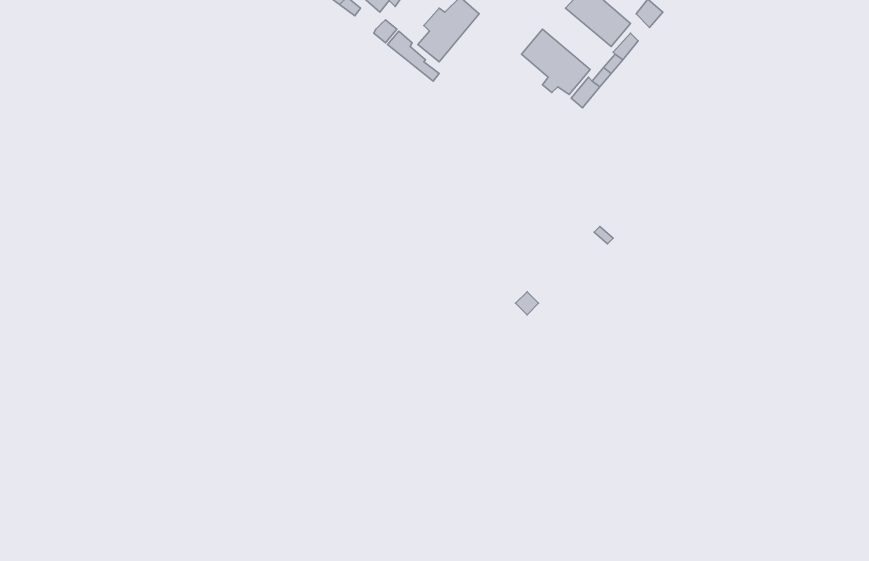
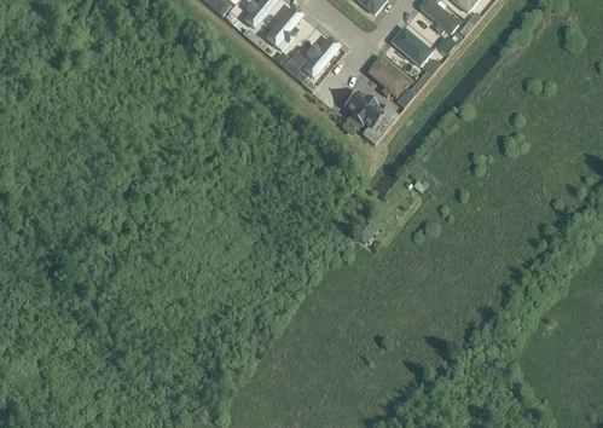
building: none -> [342,91,398,144]

